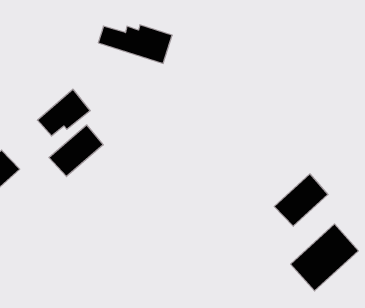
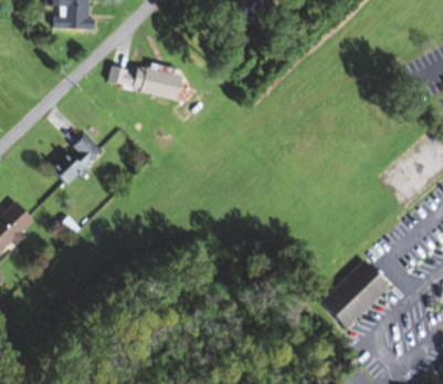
building: [49,125,103,177] -> none
building: [274,174,328,226] -> none

